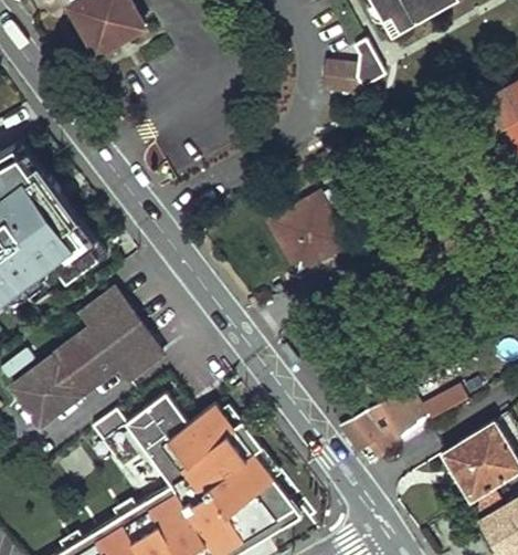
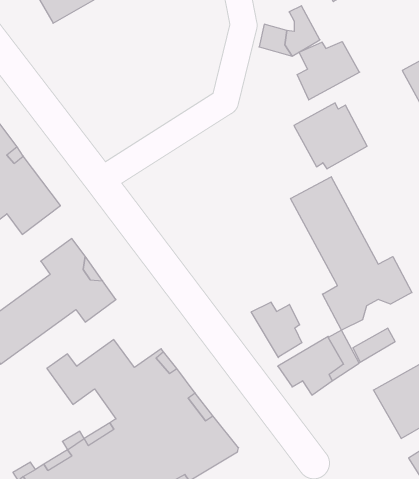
building: none -> [297,42,360,100]
building: [269,203,348,274] -> [294,103,367,169]
building: none -> [291,177,412,330]
building: none -> [251,302,302,358]

